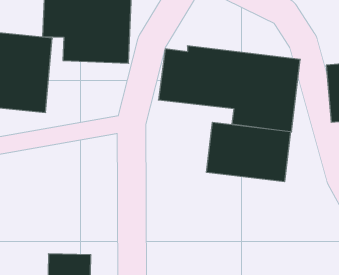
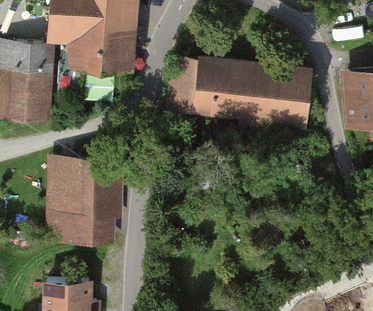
building: [207,122,291,182] -> none
building: none -> [49,147,124,237]

